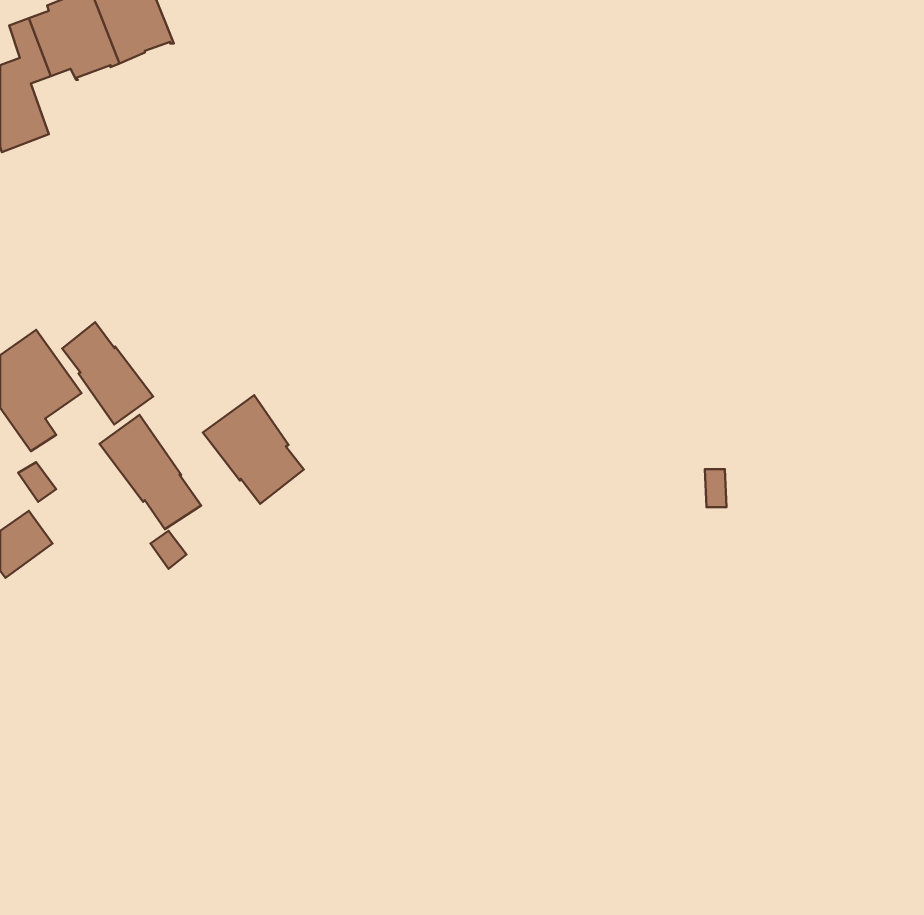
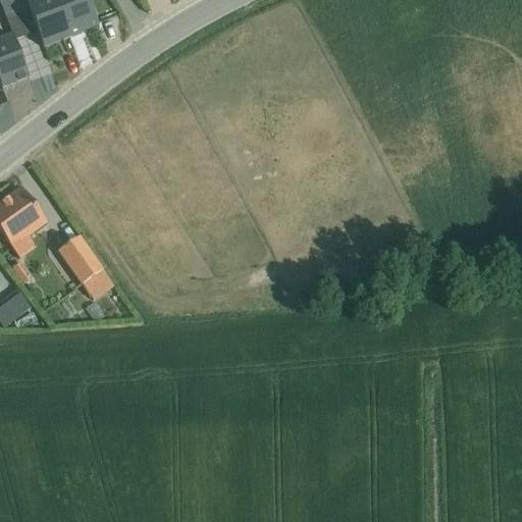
building: [62,322,153,425] -> none
building: [203,395,304,504] -> none

